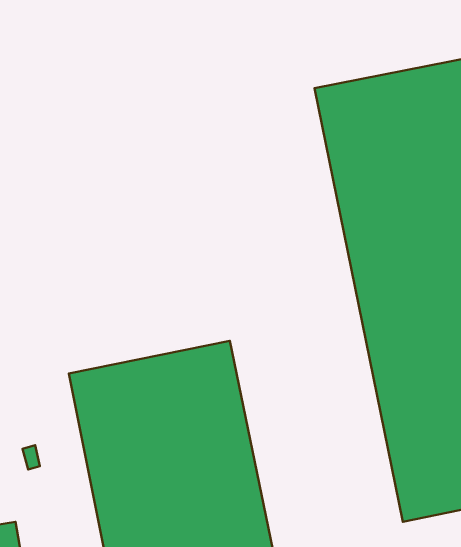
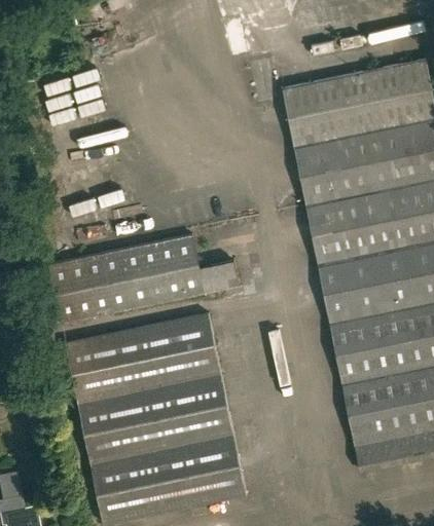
building: none -> [49,235,239,323]

